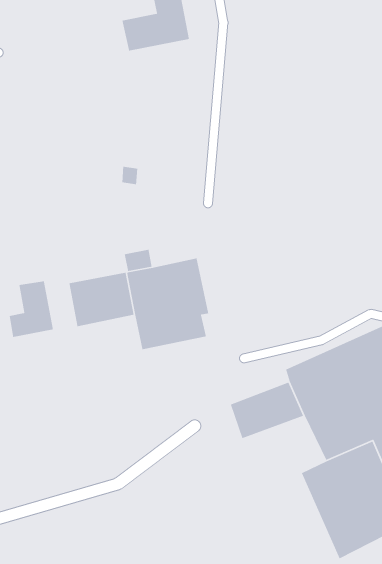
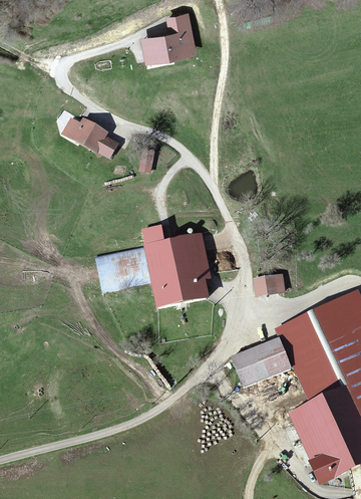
building: none -> [66,117,119,159]
building: [9,281,54,338] -> none
building: none -> [254,273,286,296]

